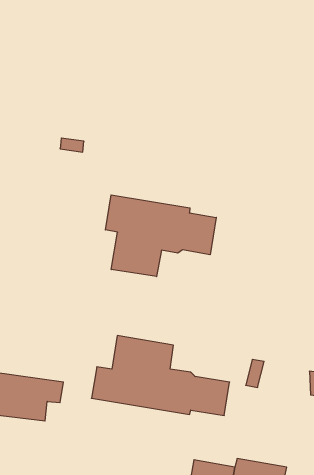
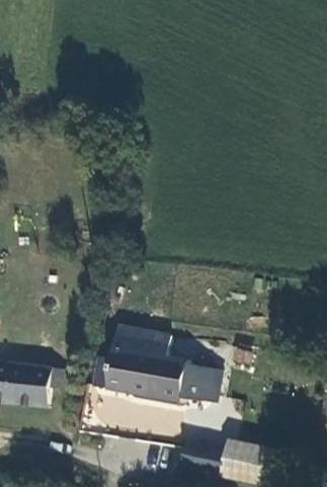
building: [105,195,216,277] -> none

